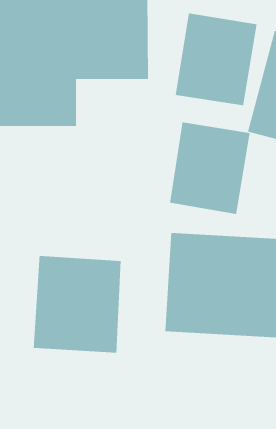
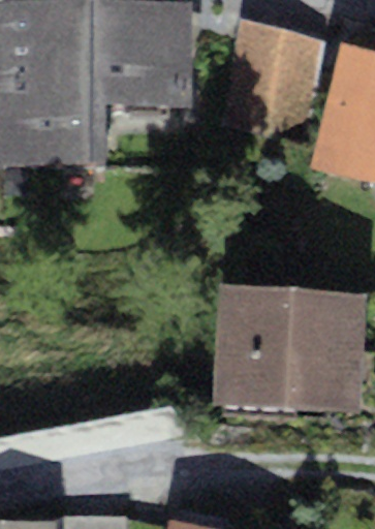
building: [169,121,250,215] -> none
building: [33,255,121,353] -> none

